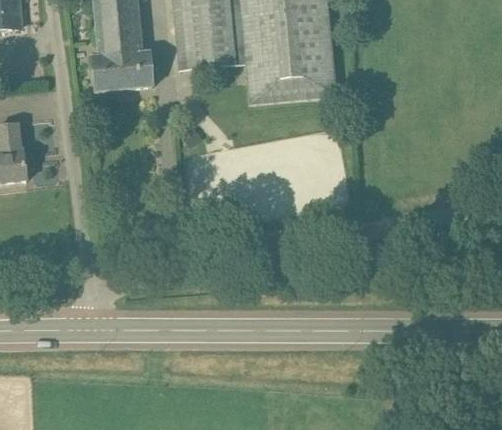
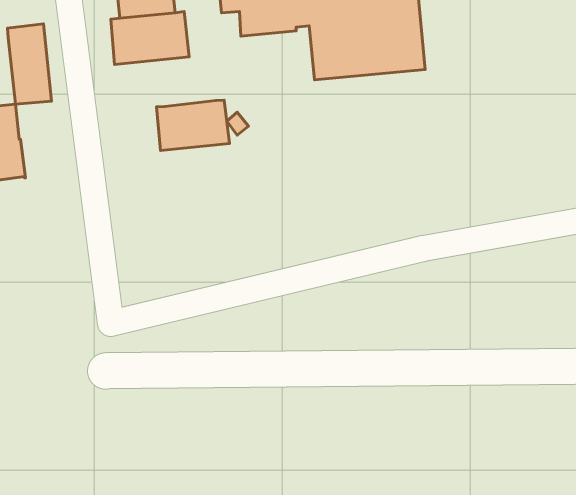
building: none -> [8,24,51,104]
building: none -> [156,100,229,151]

